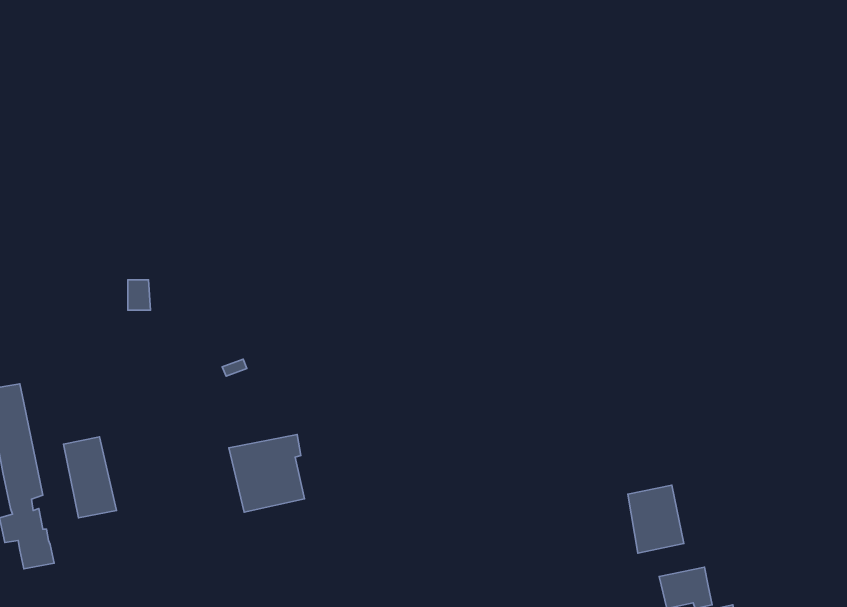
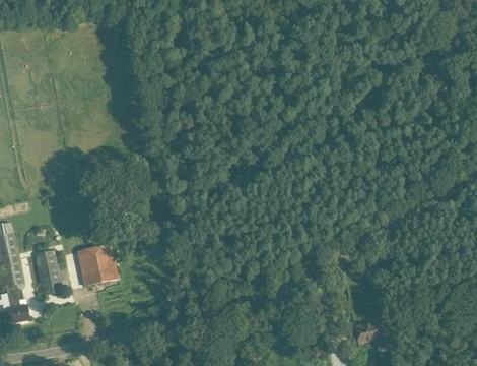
building: [229,435,305,512] -> [77,245,118,287]
building: [628,485,684,553] -> none

